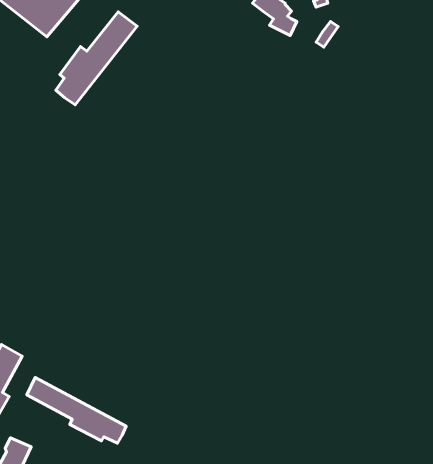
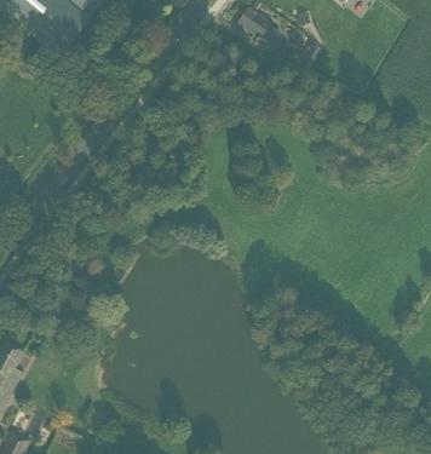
building: [56,12,137,105] -> none
building: [27,378,126,443] -> none

